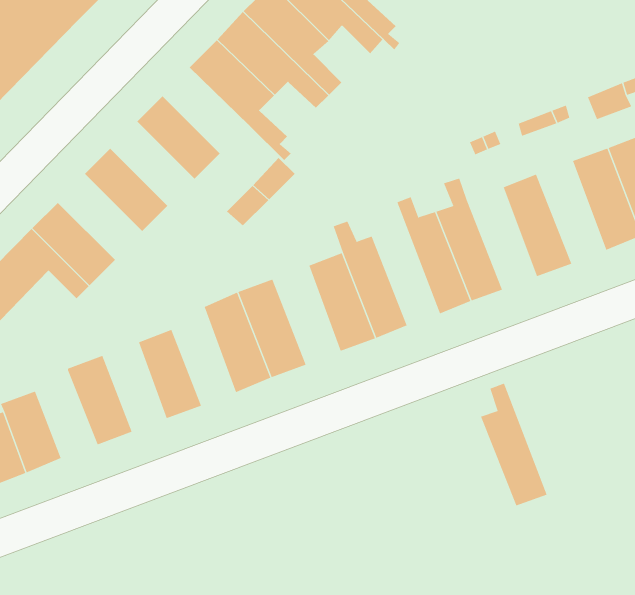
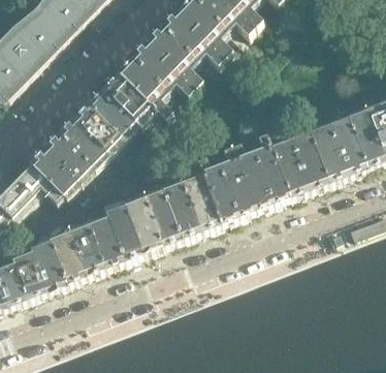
building: none -> [104,72,152,120]
building: none -> [75,102,122,149]
building: none -> [311,124,349,181]
building: none -> [46,131,93,179]
building: none -> [272,138,311,195]
building: none -> [165,182,202,237]
building: none -> [107,205,144,259]
building: none -> [71,224,106,274]
building: none -> [33,240,68,288]
building: [480,383,547,506] -> [220,147,257,215]

